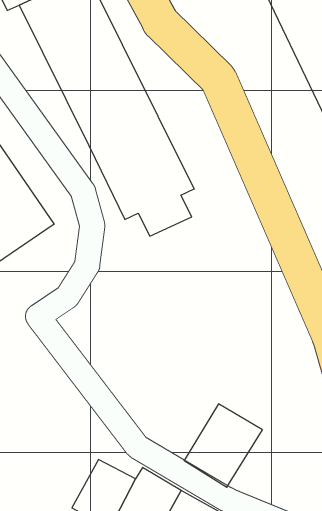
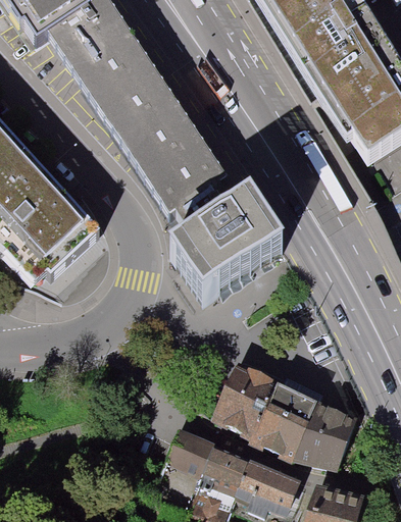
building: none -> [171,197,284,298]
building: none -> [213,361,275,433]
building: none -> [293,397,355,464]

